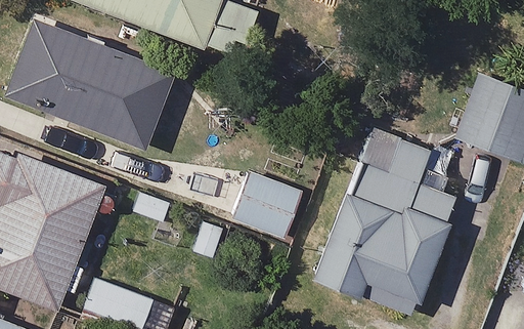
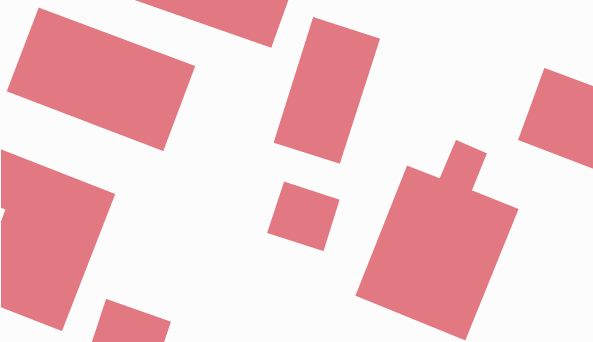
building: none -> [273,16,381,164]

